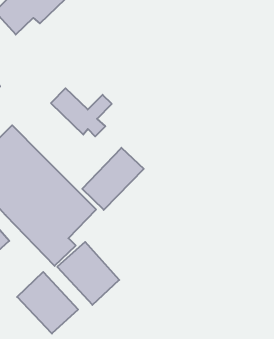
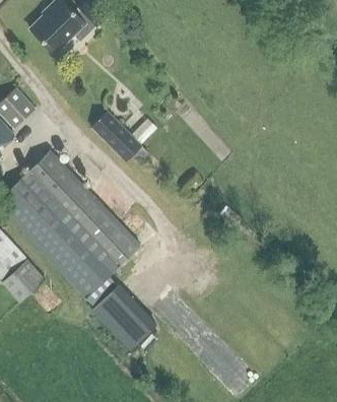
building: [82,148,144,210] -> none
building: [17,272,78,334] -> none

